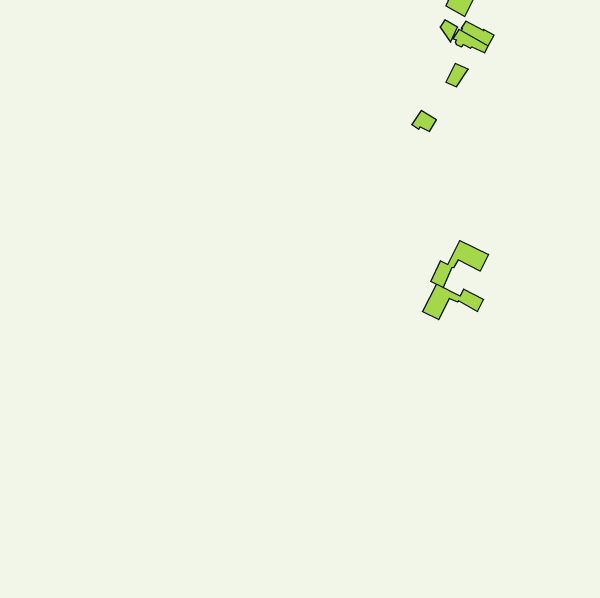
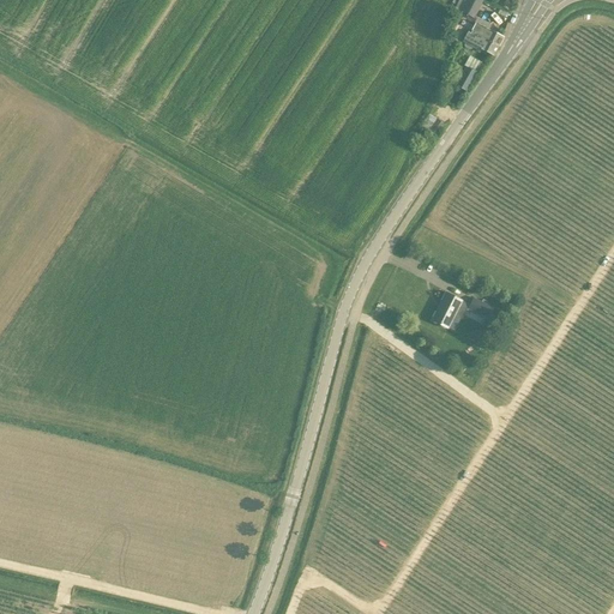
building: [431,241,489,288] -> none

